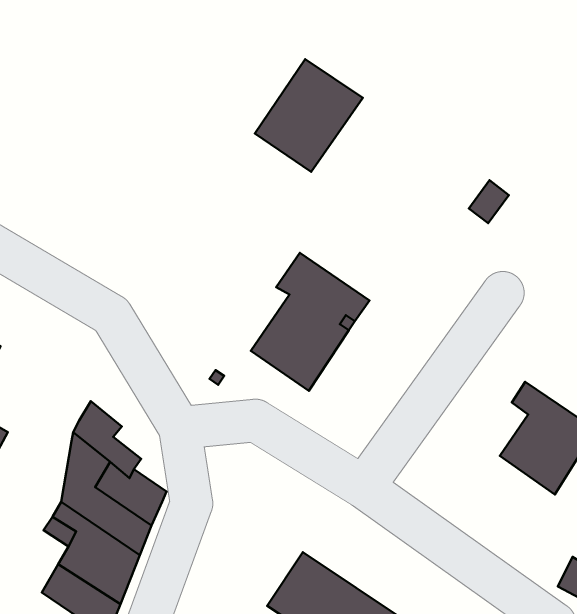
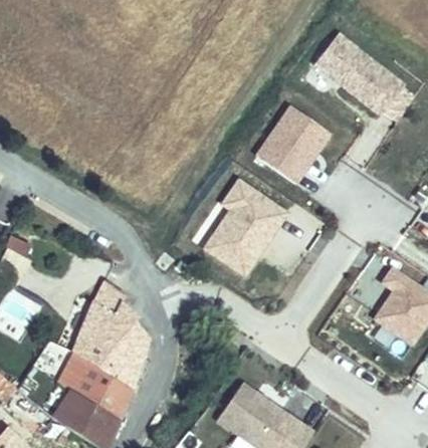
building: none -> [314,34,414,122]
building: [255,59,363,172] -> [256,106,330,183]

